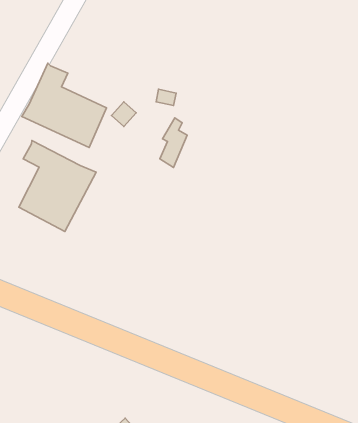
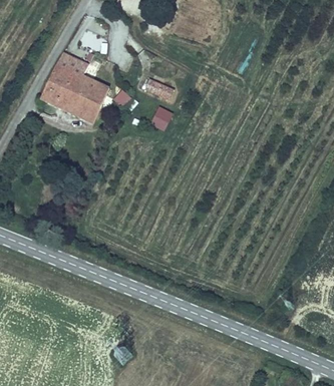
building: [19,141,96,232] -> none

